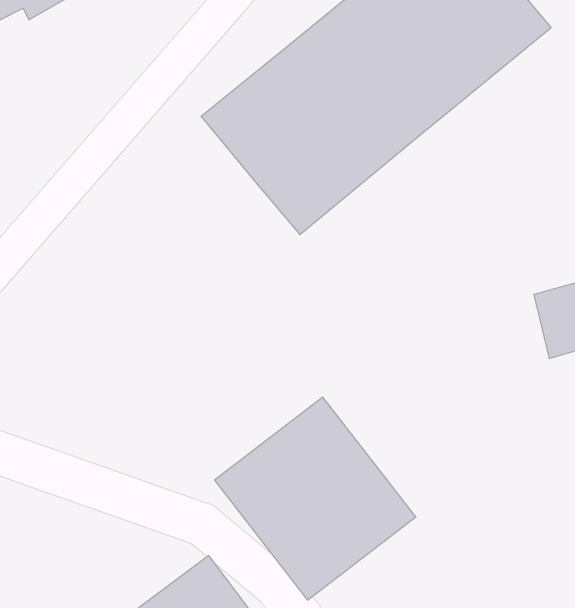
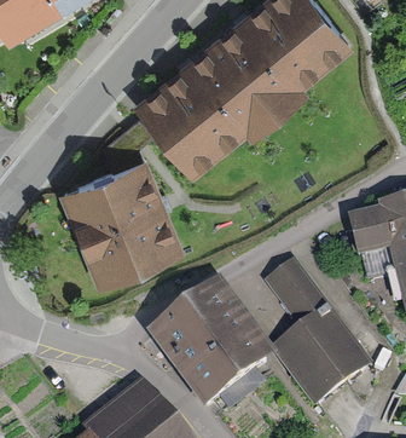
building: none -> [69,156,190,282]
building: none -> [262,254,366,402]

